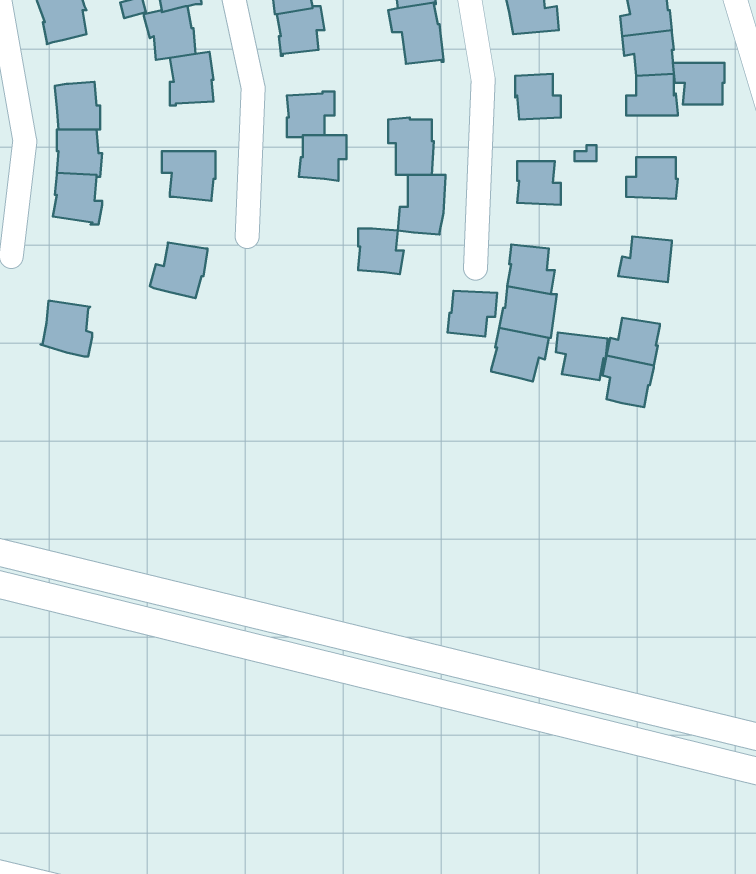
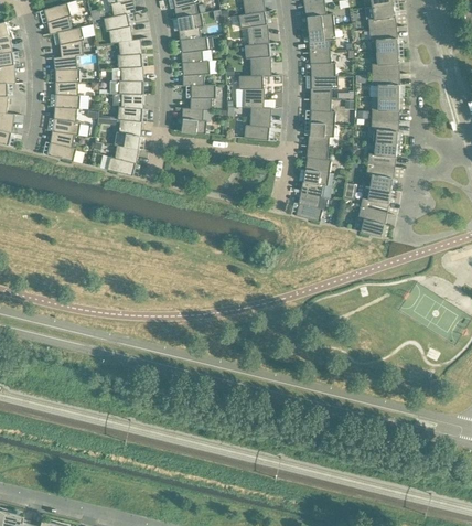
building: none -> [57,26,83,56]
building: none -> [308,26,335,52]
building: none -> [180,36,207,63]
building: none -> [244,43,270,76]
building: [673,63,725,105] -> [371,74,399,97]
building: none -> [109,65,143,94]
building: none -> [310,75,337,99]
building: none -> [114,119,141,148]
building: none -> [369,119,398,143]
building: [358,229,404,274] -> [181,108,206,133]
building: [447,291,497,337] -> [307,122,334,148]
building: [41,301,92,357] -> [46,130,75,161]
building: [556,332,607,380] -> [365,163,394,190]

